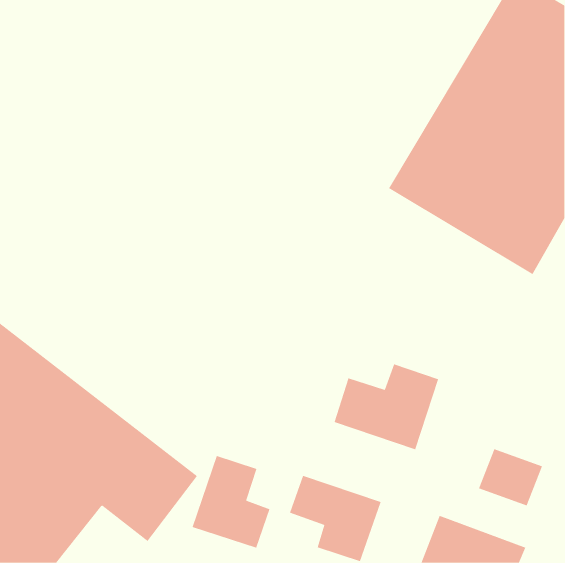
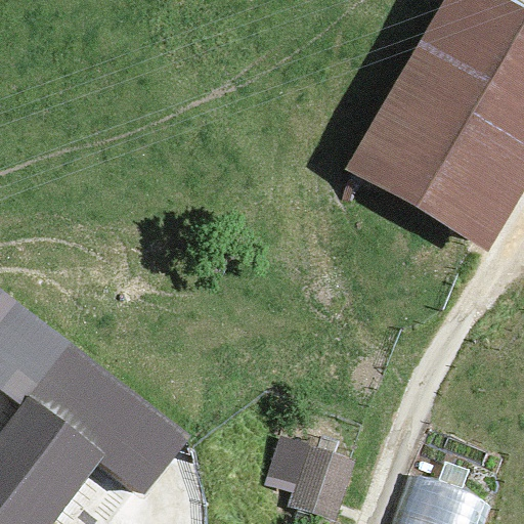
building: [334,363,439,450] -> none
building: [192,455,270,549] -> none

